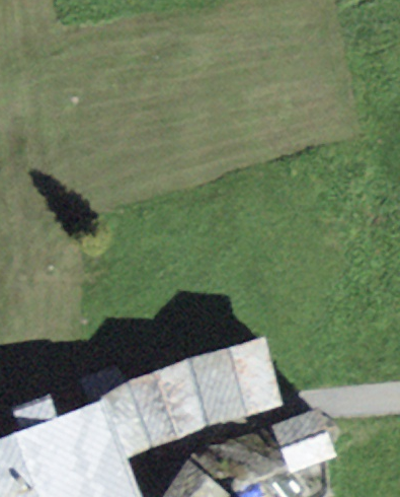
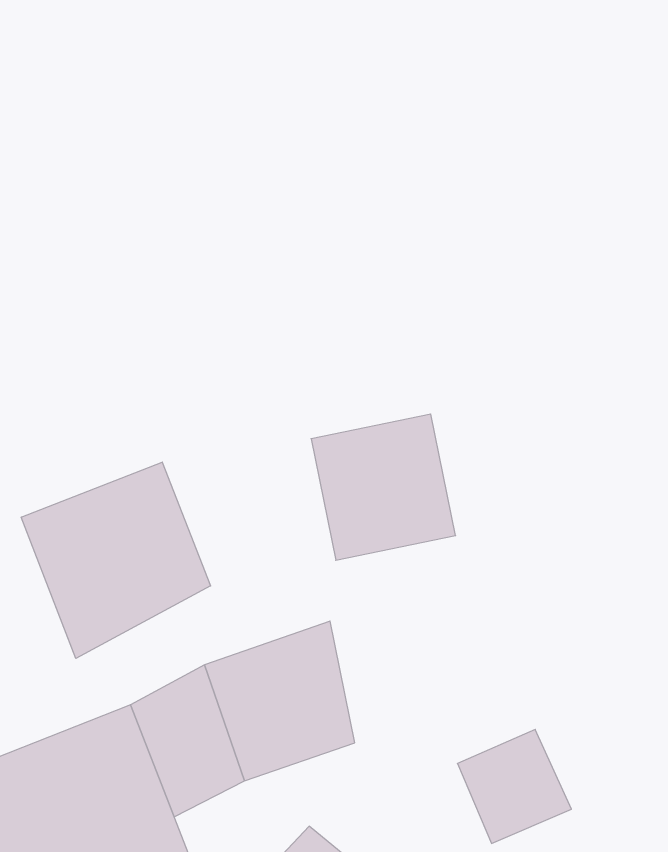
building: none -> [21,462,211,658]
building: [195,347,272,425] -> [311,414,456,560]

